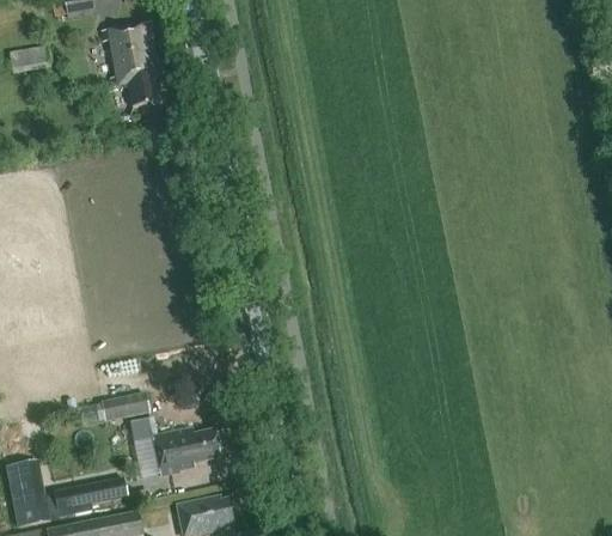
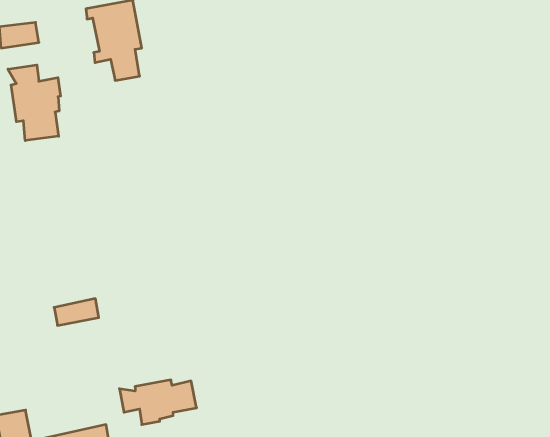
building: none -> [8,65,61,141]
building: [100,391,148,420] -> [54,299,99,325]

